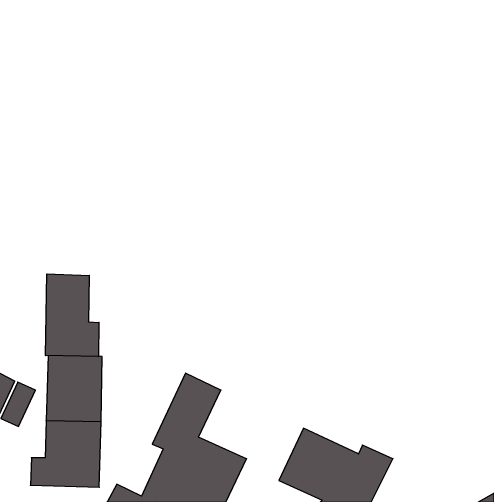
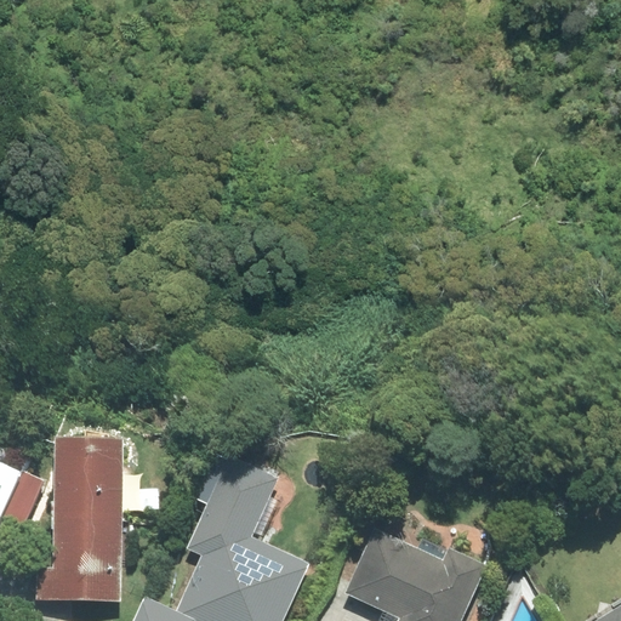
building: [46,274,99,357] -> none

